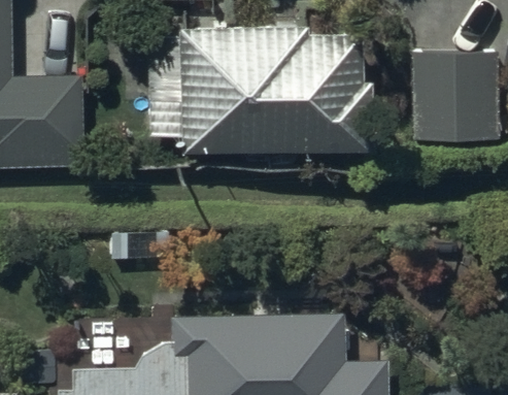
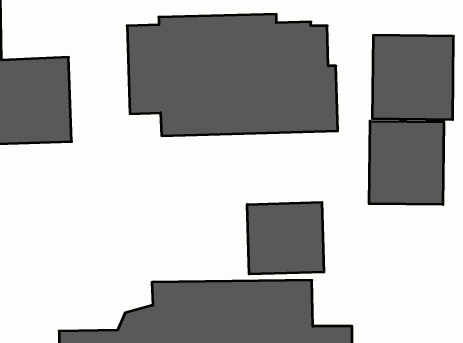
building: none -> [369,121,444,205]
building: none -> [247,202,324,274]

